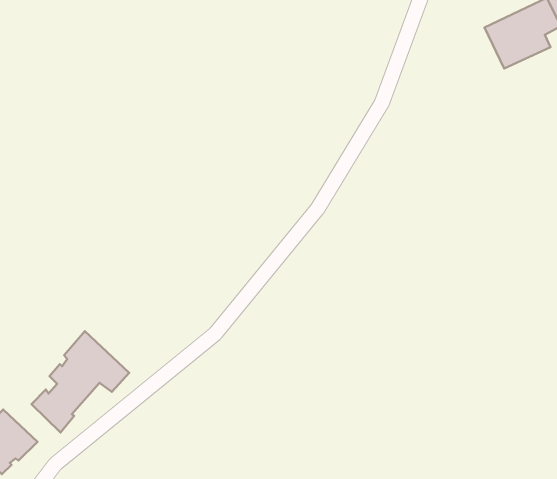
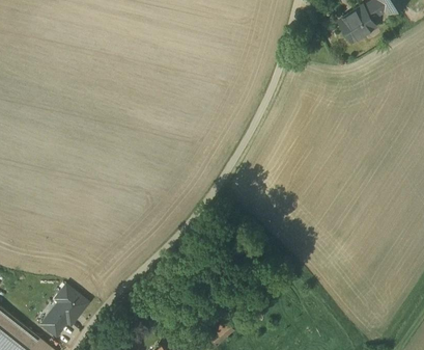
building: [32,331,129,432] -> none

